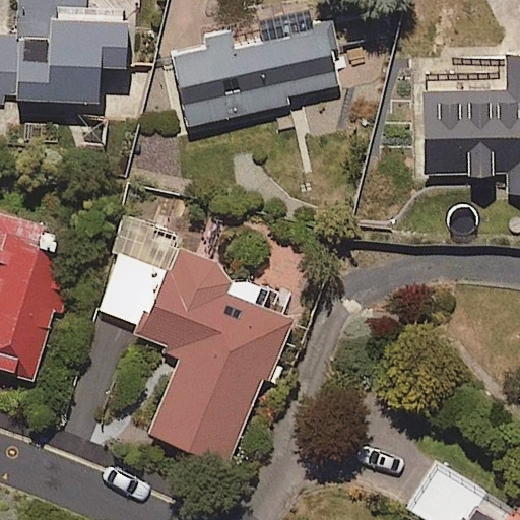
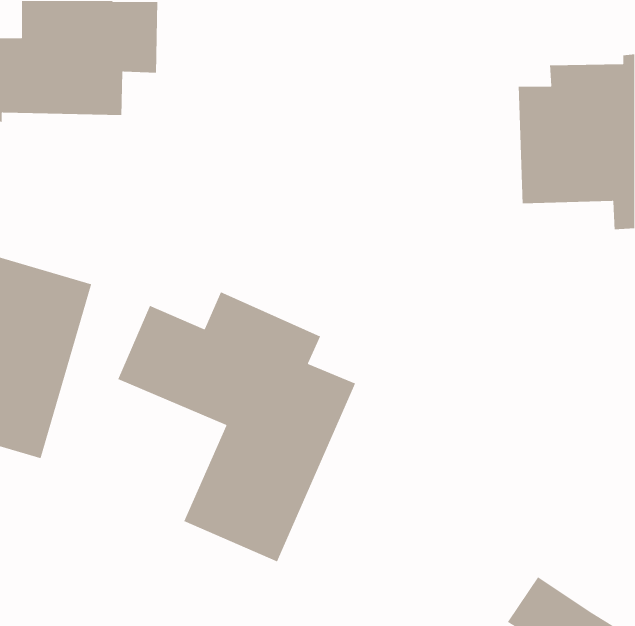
building: [173,29,339,130] -> none

